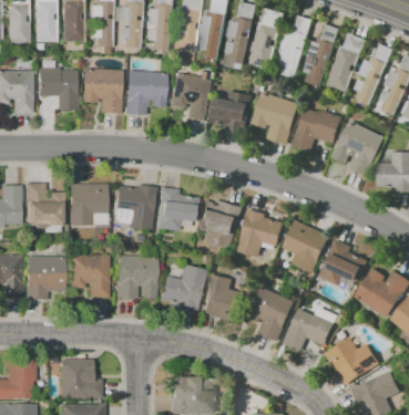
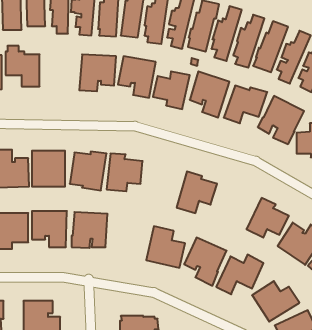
building: [81,69,122,112] -> none
building: [200,198,245,250] -> none
building: [285,220,331,272] -> none
building: [160,264,206,312] -> none

